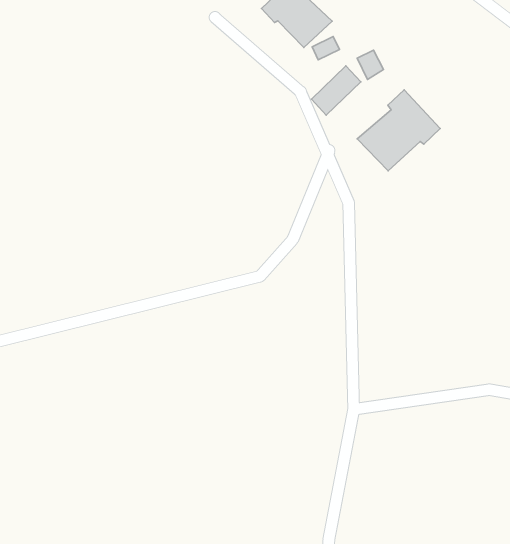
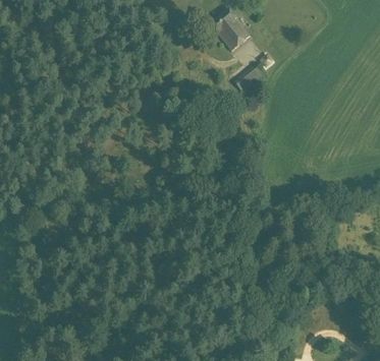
building: [357,90,440,171] -> none

